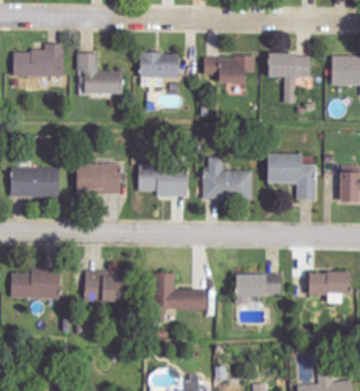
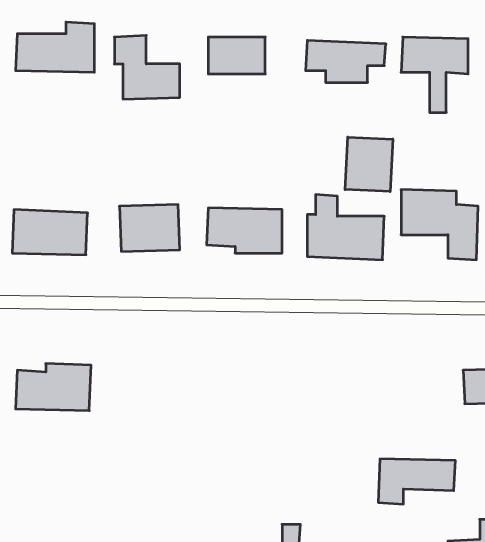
building: none -> [345,137,393,192]
building: [85,270,126,302] -> none
building: [152,273,208,319] -> none
building: [233,274,284,304] -> [378,459,455,504]

